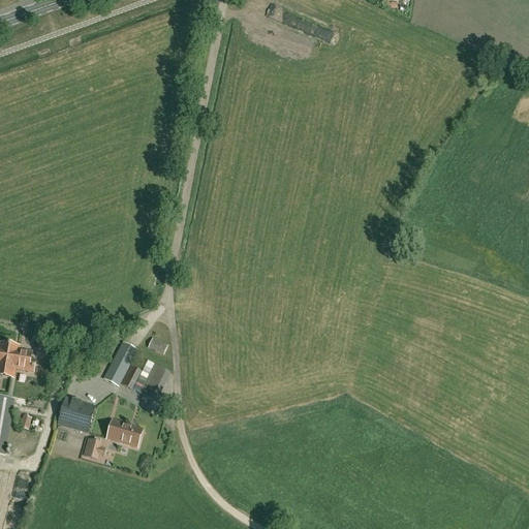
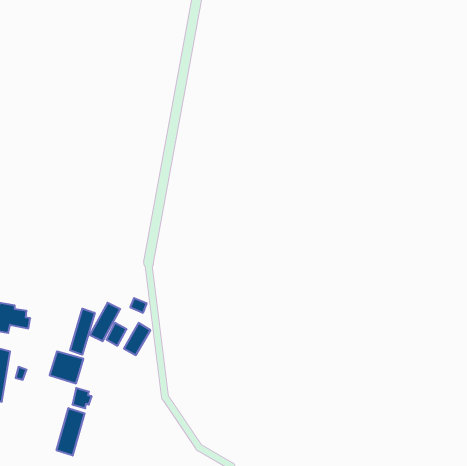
building: none -> [70,309,95,355]
building: [105,419,142,446] -> none
building: none -> [57,408,85,456]

